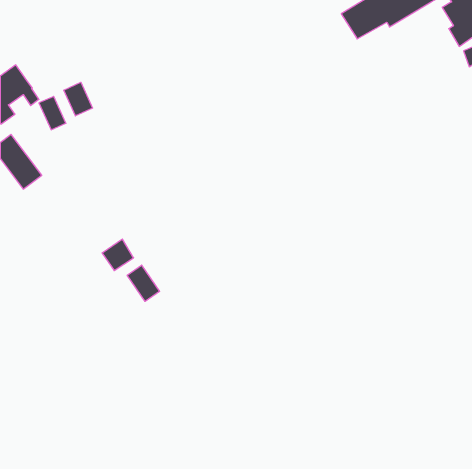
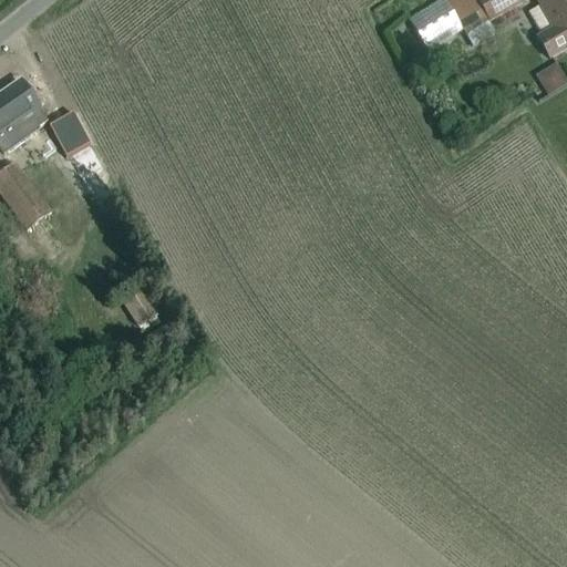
building: [64,82,93,116] -> none
building: [127,265,160,301] -> none

